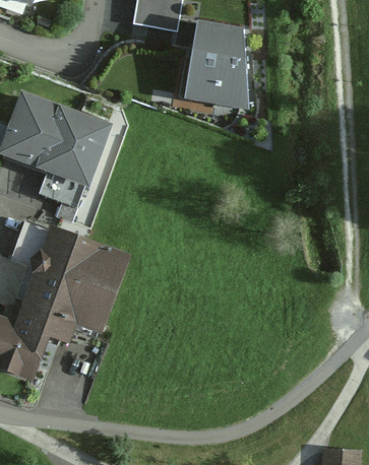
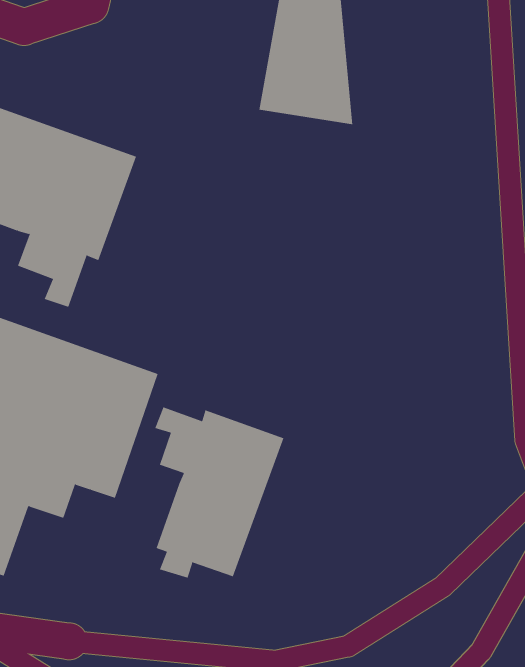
building: none -> [155,406,284,579]

